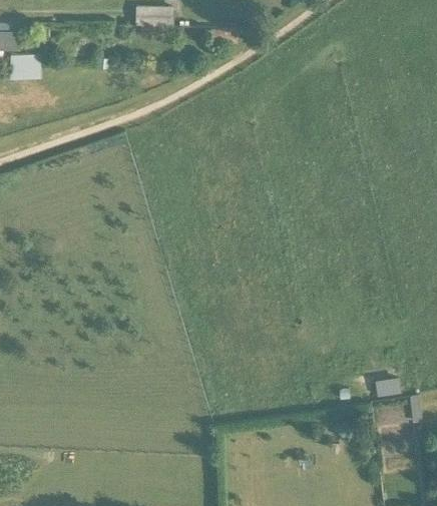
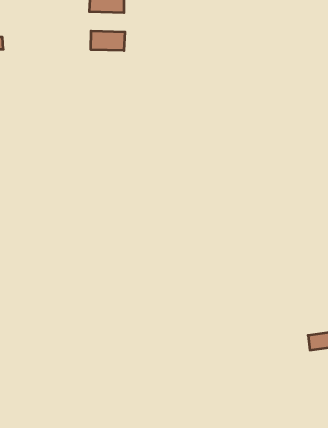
building: none -> [91,31,125,51]

